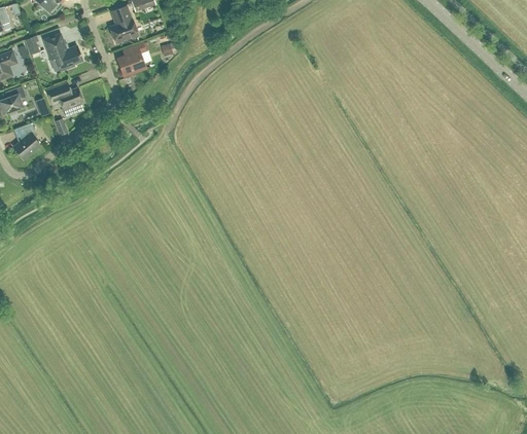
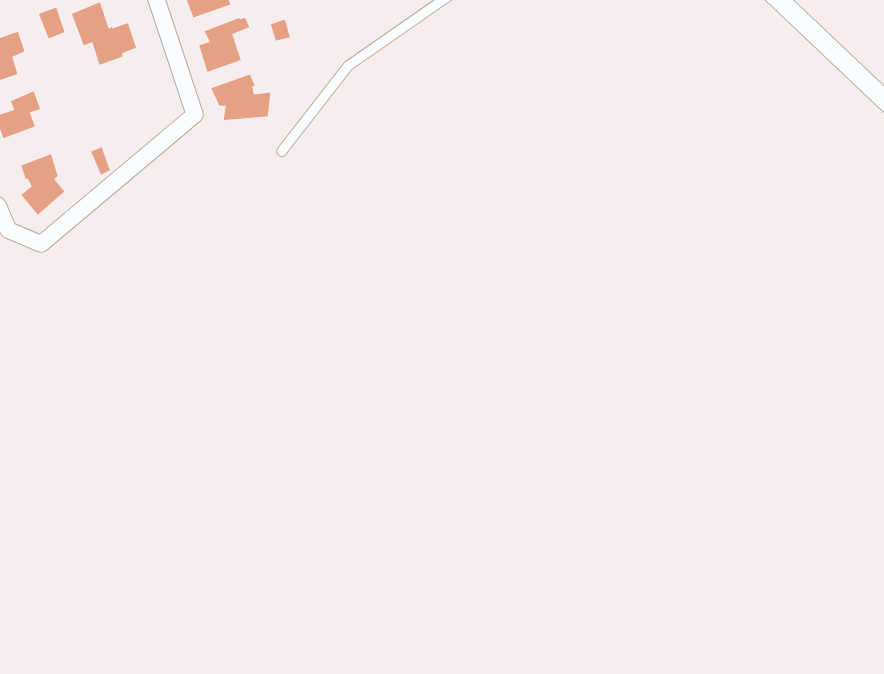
building: none -> [210,74,271,121]
building: [46,83,82,114] -> none

